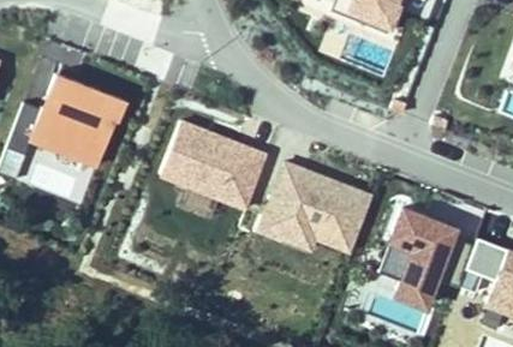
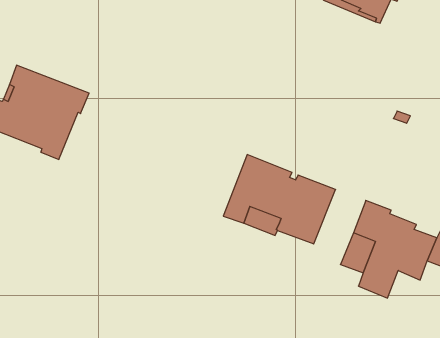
building: [159,121,267,208] -> none

